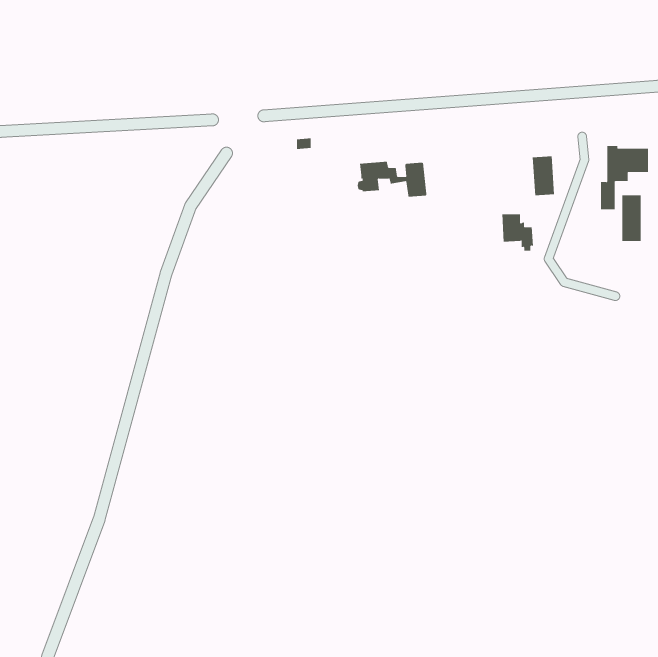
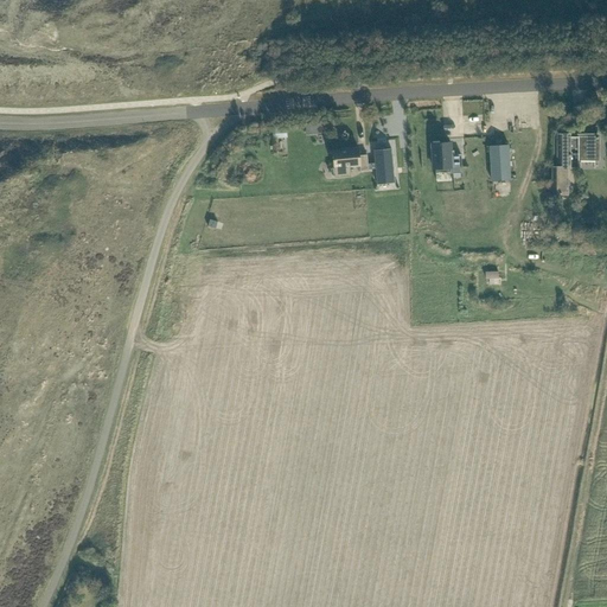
building: [622,194,641,242] -> none
building: [502,214,534,251] -> [433,142,462,177]

